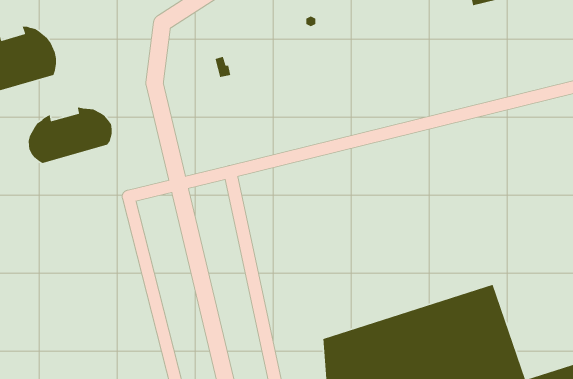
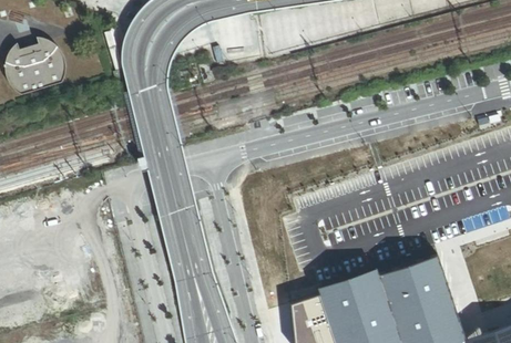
building: [28,107,113,164] -> none

